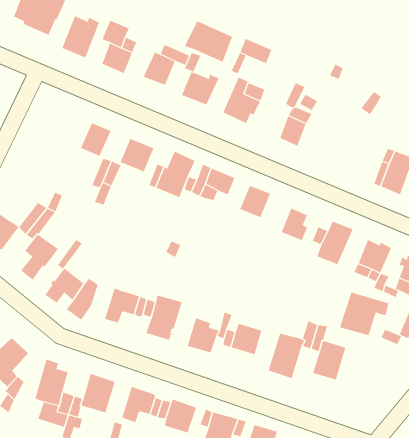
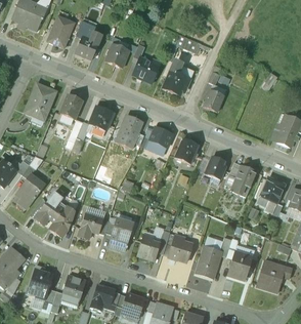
building: [185,21,233,63] -> none
building: none -> [24,83,55,125]
building: [339,292,389,336] -> [255,260,291,292]

